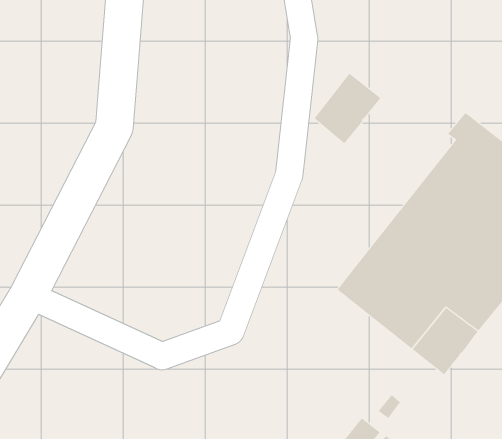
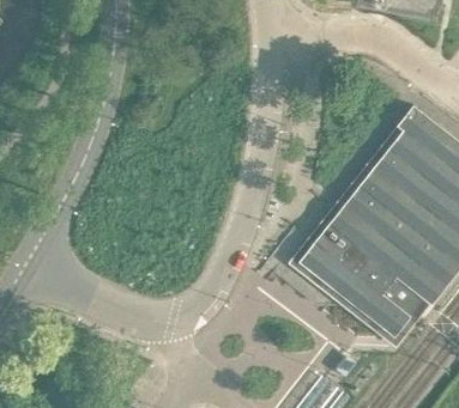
building: [314,73,381,144] -> none

